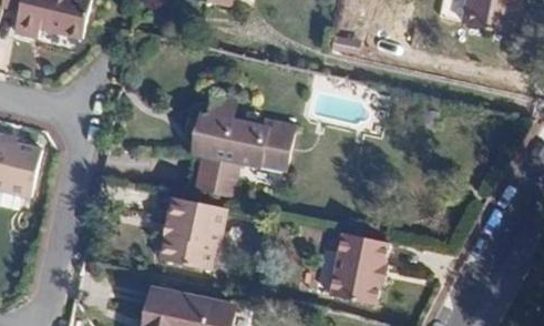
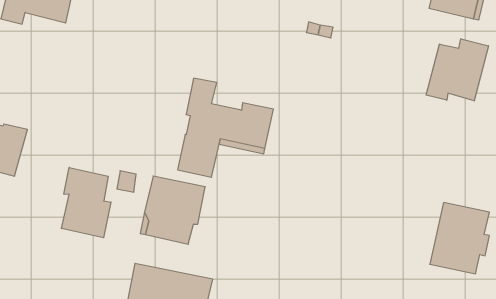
building: none -> [426,39,488,101]
building: none -> [62,167,111,238]
building: [328,233,390,307] -> [430,203,489,274]

